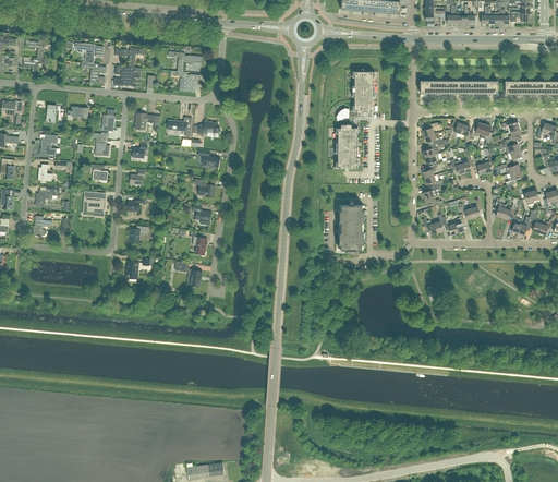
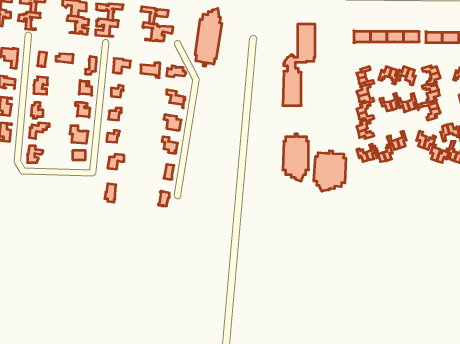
building: none -> [195,8,222,66]
building: none -> [314,151,346,191]

